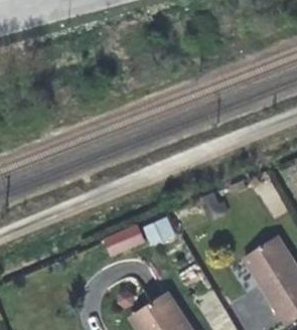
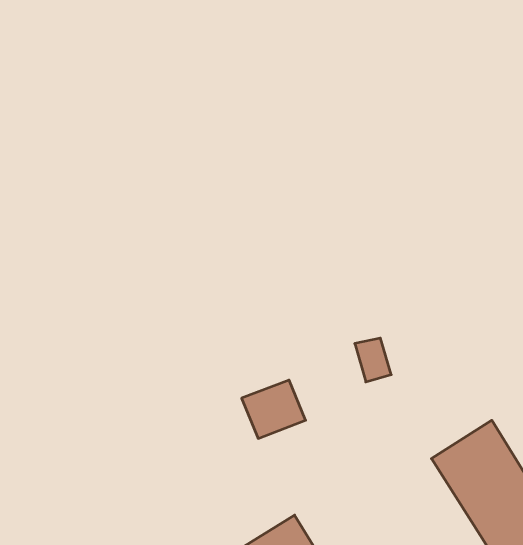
building: [101,223,144,258] -> none

